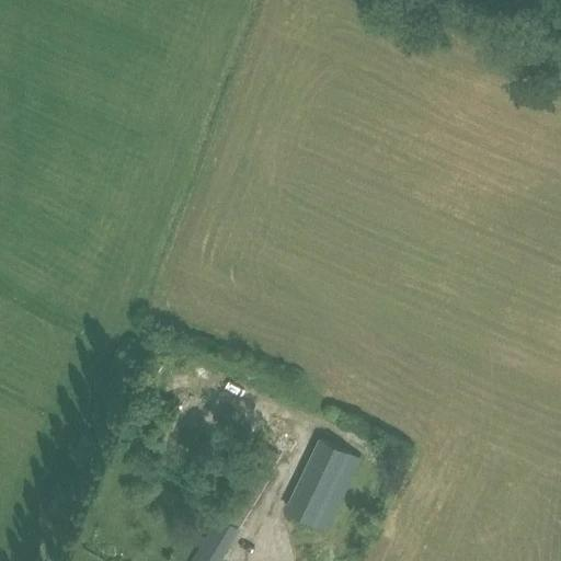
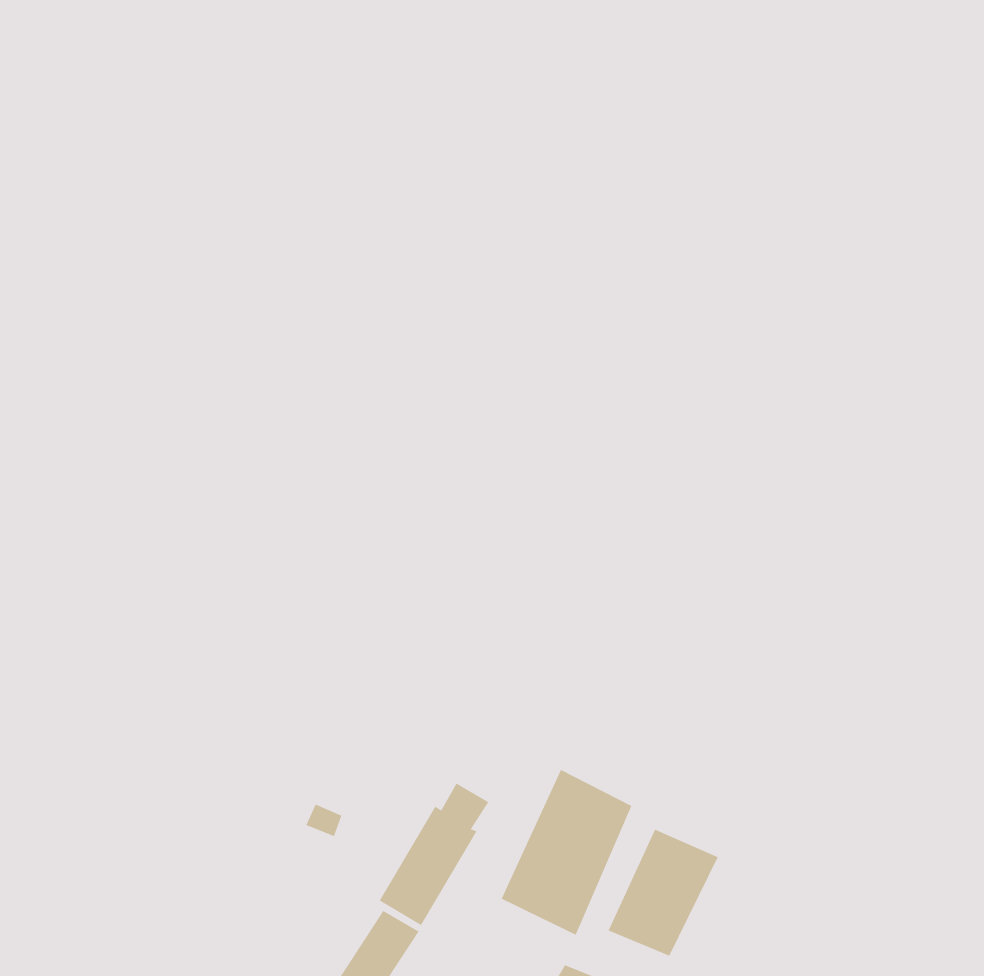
building: none -> [608,829,719,956]

